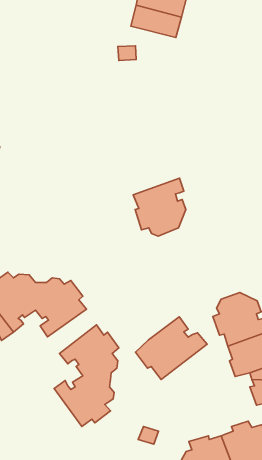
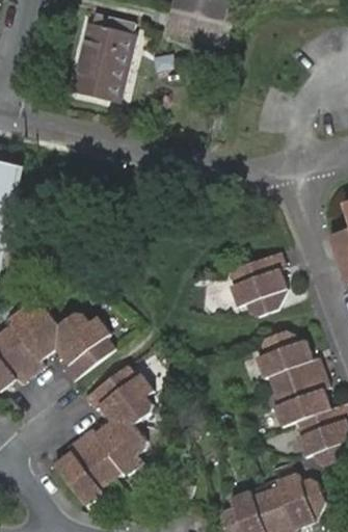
building: none -> [73,11,136,100]
building: [133,178,186,236] -> [230,250,289,316]
building: [135,317,207,380] -> none
building: none -> [53,437,110,506]

